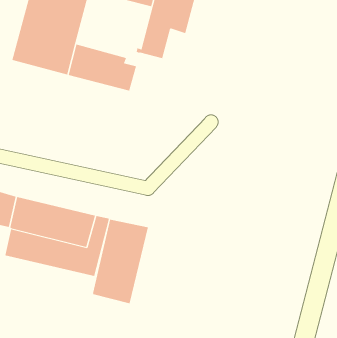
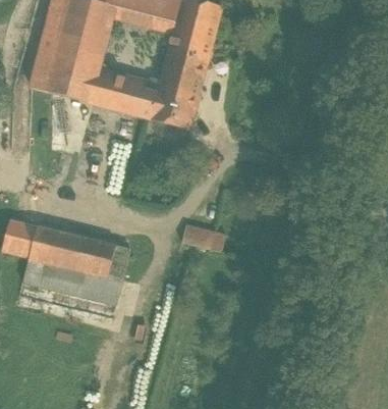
building: none -> [151,55,208,130]
building: none -> [181,225,224,252]
building: [93,219,148,304] -> none

